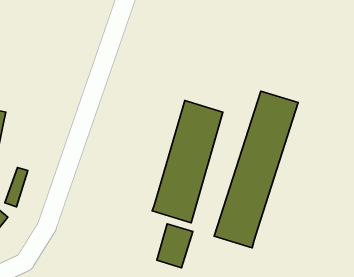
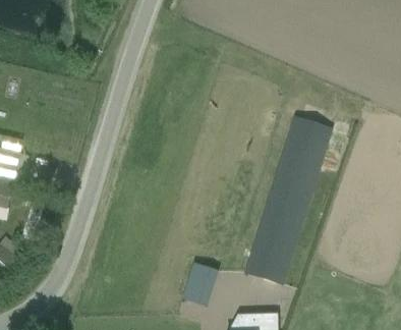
building: [152,101,223,223] -> none

